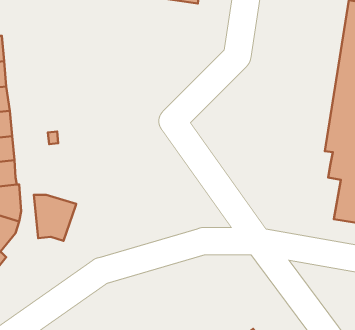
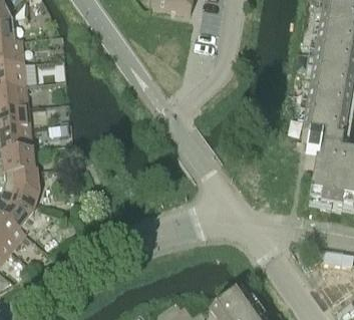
building: [34,195,76,241] -> none

